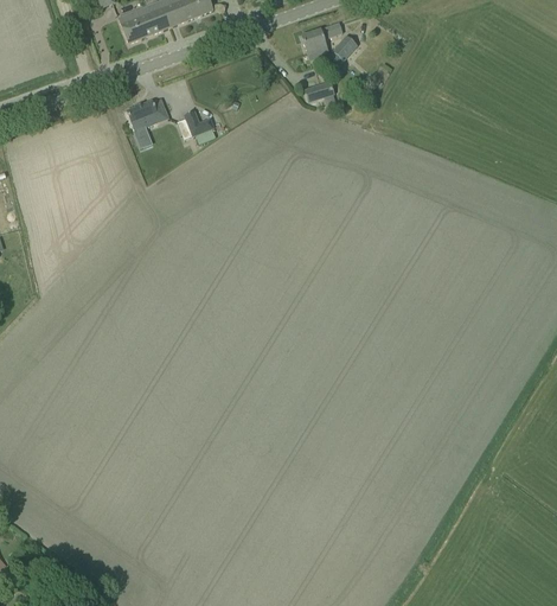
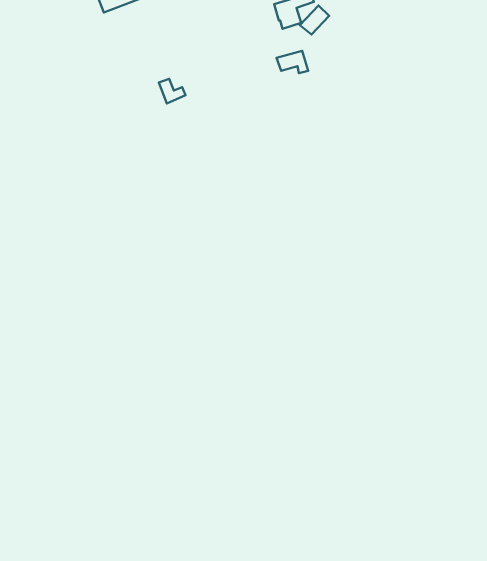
building: [127,97,166,129] -> none

